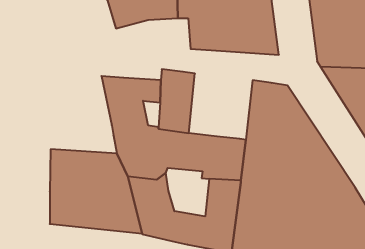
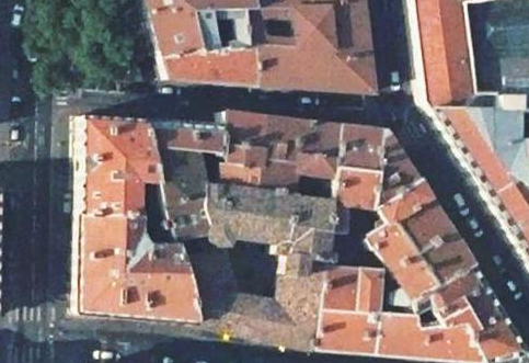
building: none -> [169,47,265,87]
building: none -> [84,117,170,222]
building: none -> [263,118,345,204]

